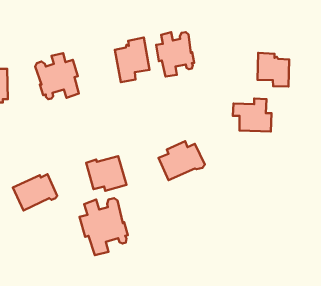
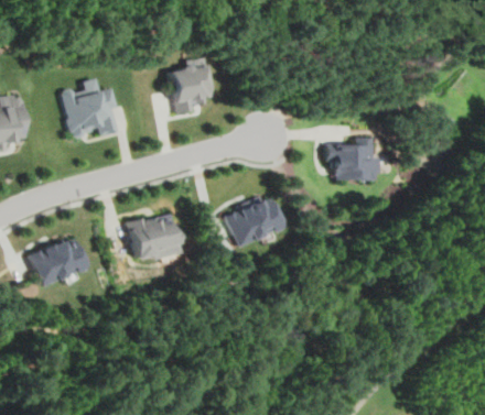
building: [156,32,194,76] -> none
building: [257,53,289,86] -> none
building: [79,198,128,255] -> none

